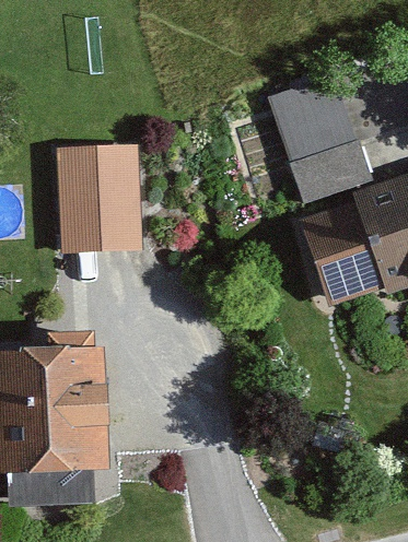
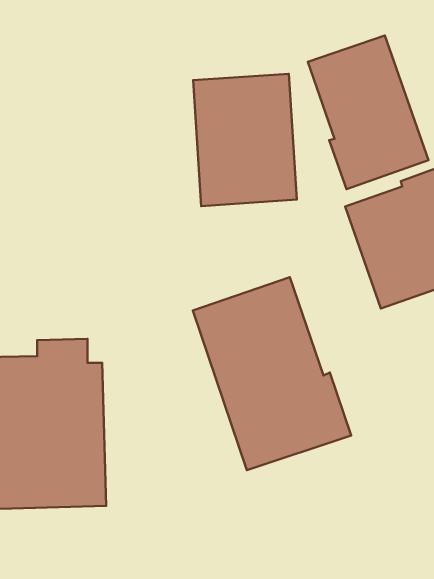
building: [58,144,143,254] -> [193,74,297,206]
building: none -> [193,277,351,470]

